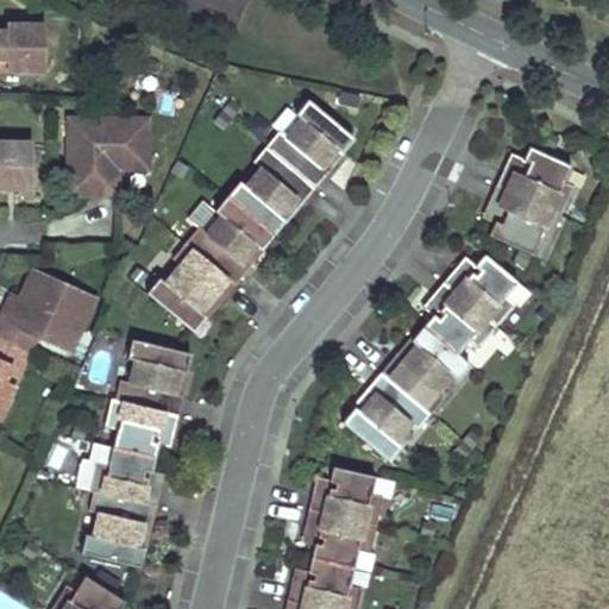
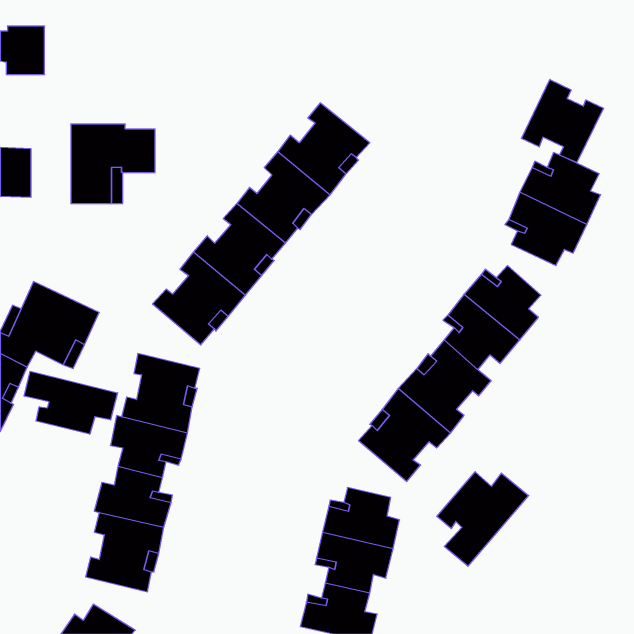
building: none -> [521,79,604,163]
building: none -> [24,371,118,434]
building: none -> [437,472,529,566]

